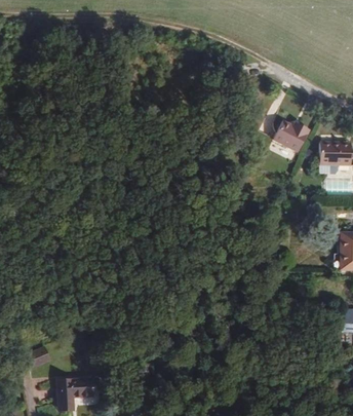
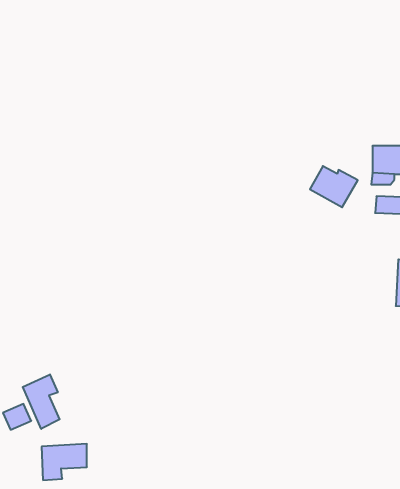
building: [272,119,310,152] -> [310,166,358,207]
building: none -> [23,374,60,429]

